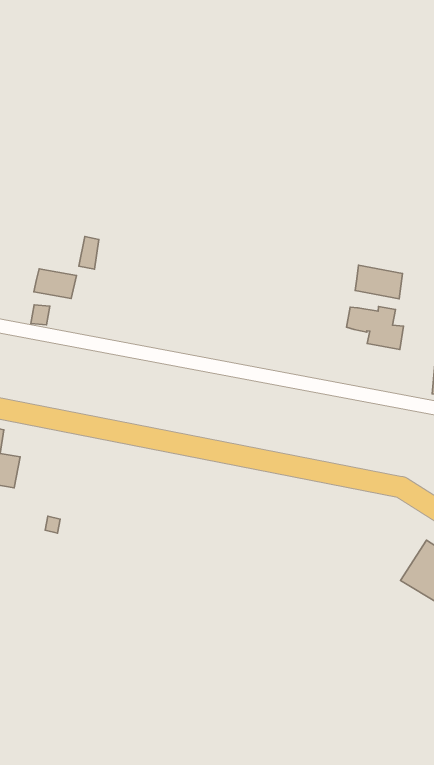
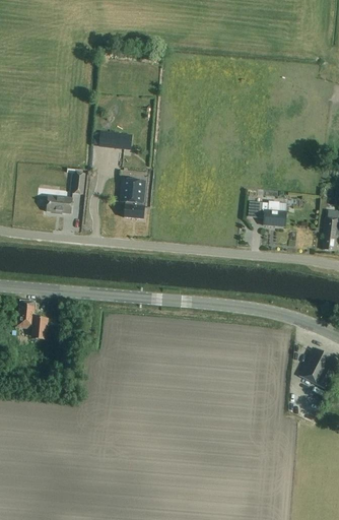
building: none -> [122,179,146,218]
building: [355,265,403,299] -> none

